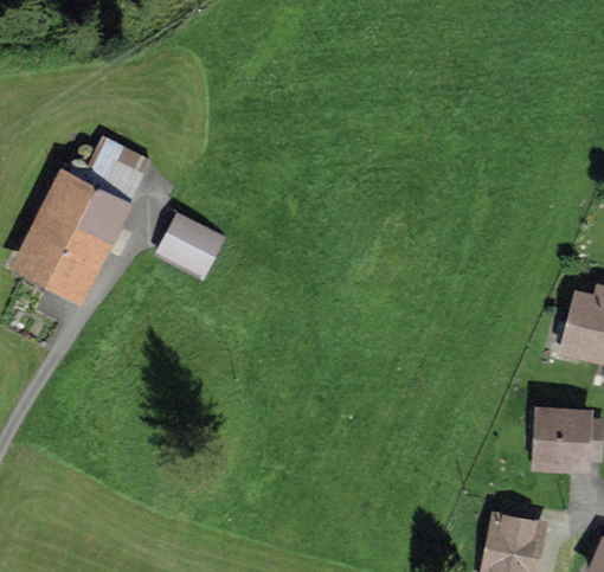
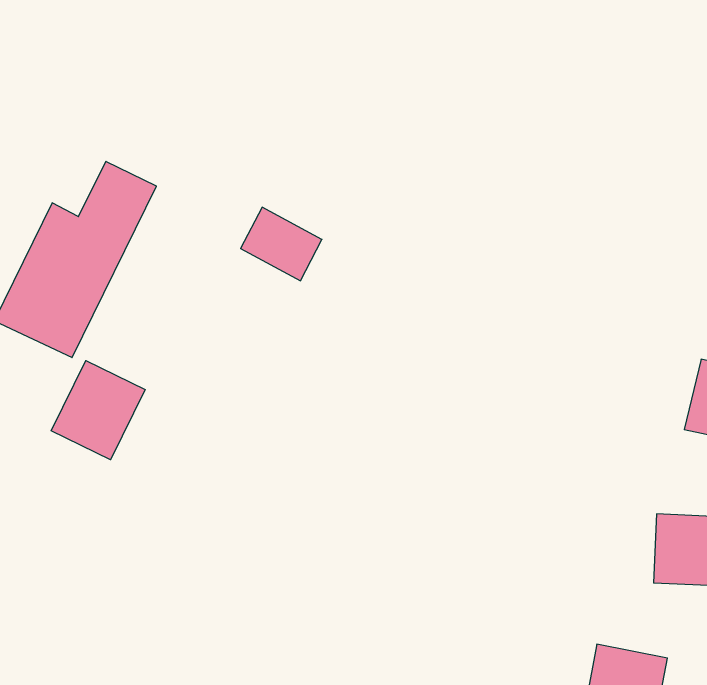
building: [163,212,226,269] -> [241,207,322,281]
building: none -> [51,361,145,460]

